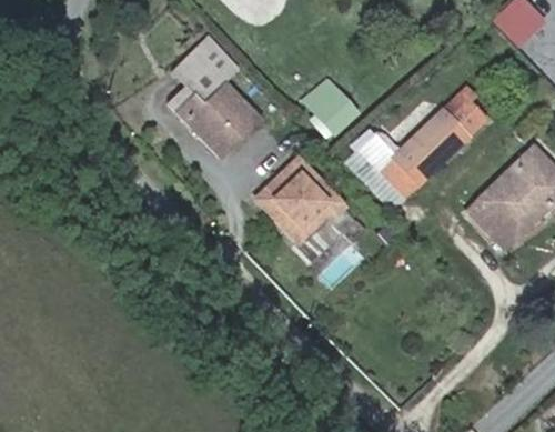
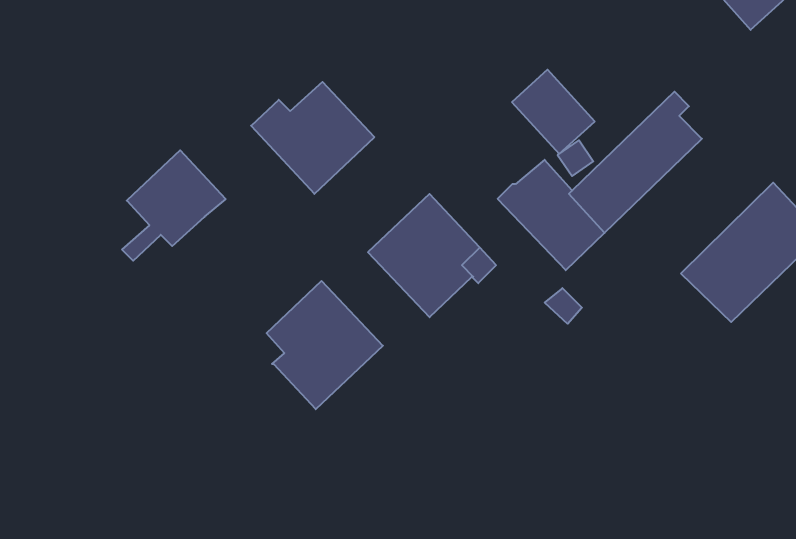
building: [168,34,239,110] -> [122,150,226,261]
building: [303,76,360,133] -> [512,70,595,154]
building: none -> [267,281,383,409]

